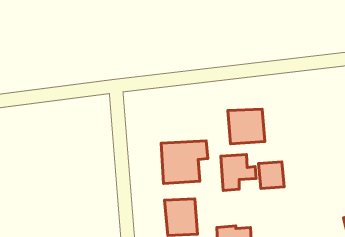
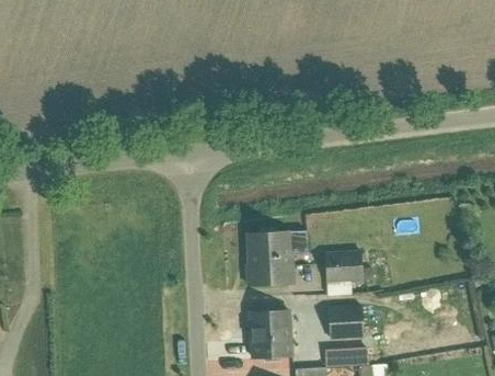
building: [228,109,265,144] -> none
building: [258,162,284,188] -> [329,307,364,343]

